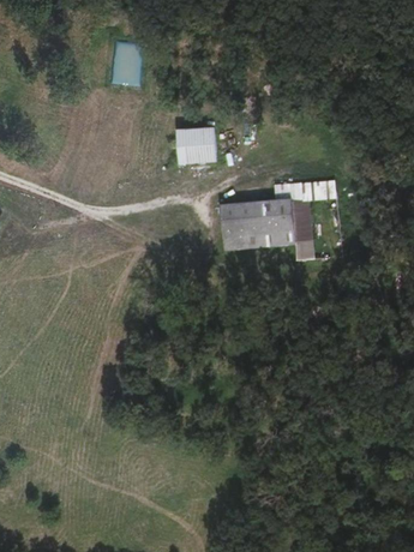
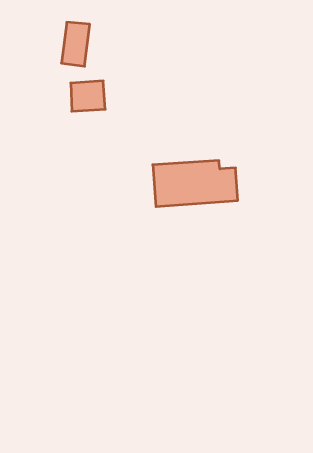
building: [178,127,217,162] -> [71,81,105,111]

